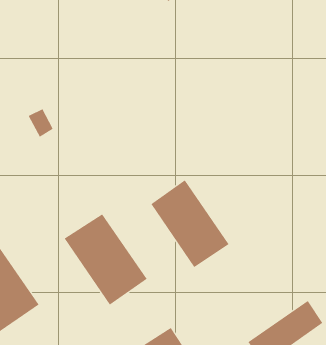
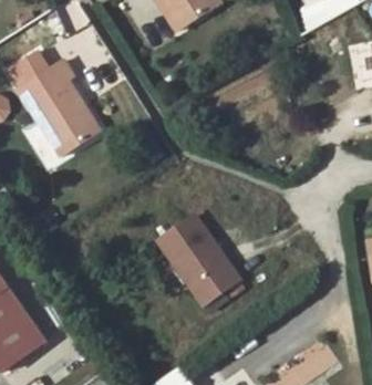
building: none -> [16,49,102,156]
building: [64,213,147,306] -> none

